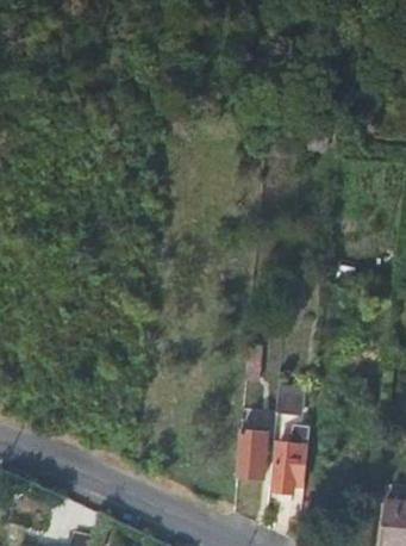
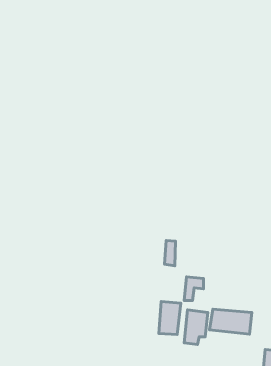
building: none -> [210,309,252,334]

